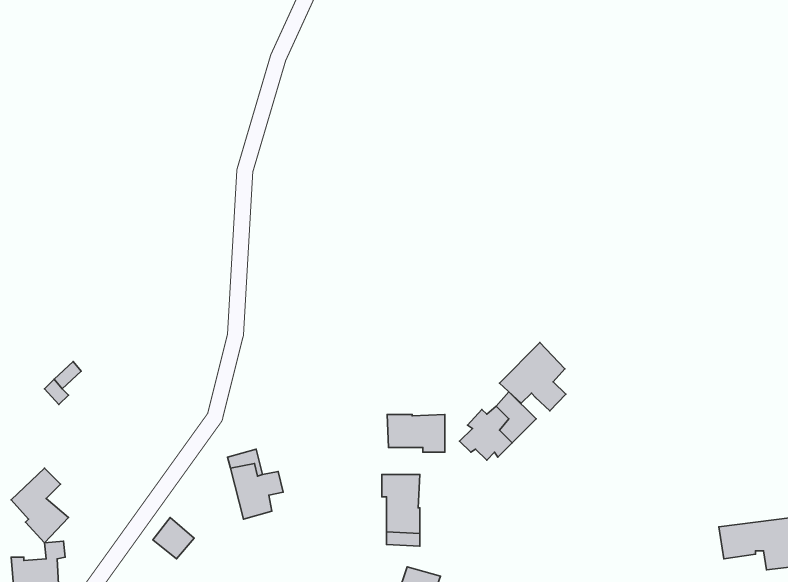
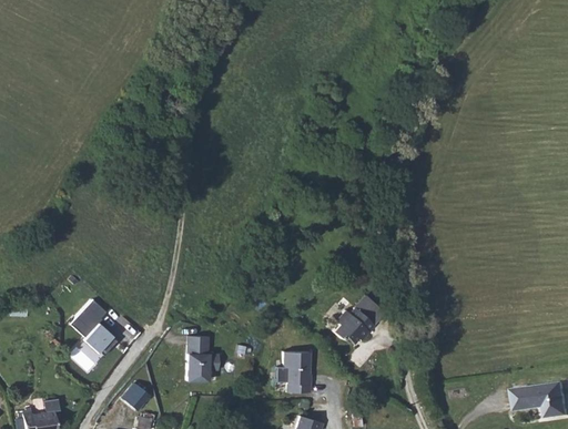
building: [499,343,566,411] -> none
building: [387,414,445,452] -> none
building: [11,468,68,543] -> [71,300,111,353]

